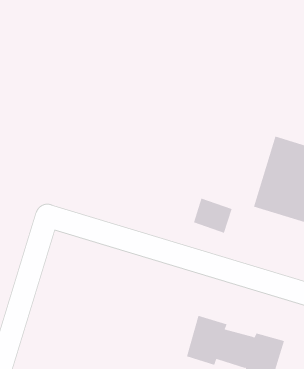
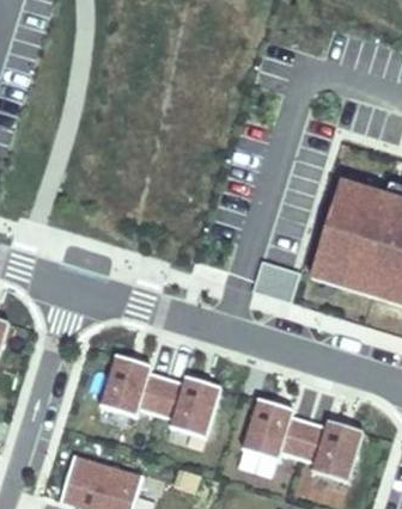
building: none -> [99,355,219,436]

